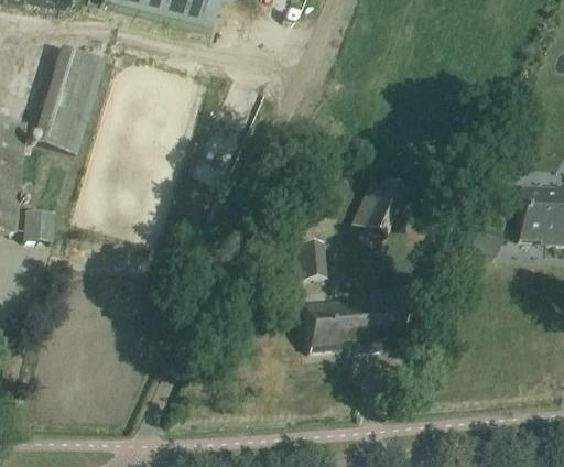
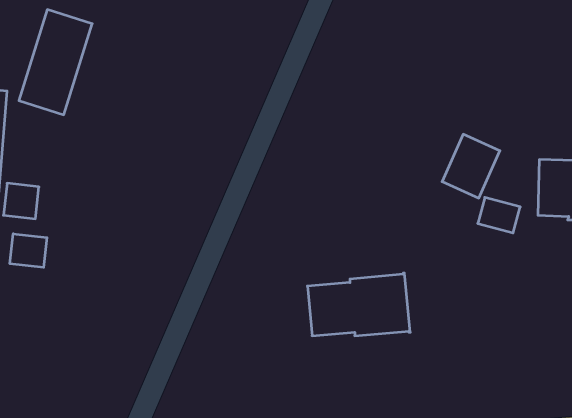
building: [351,175,405,235] -> [442,134,500,198]
building: [296,238,327,278] -> none
building: none -> [10,234,47,267]

